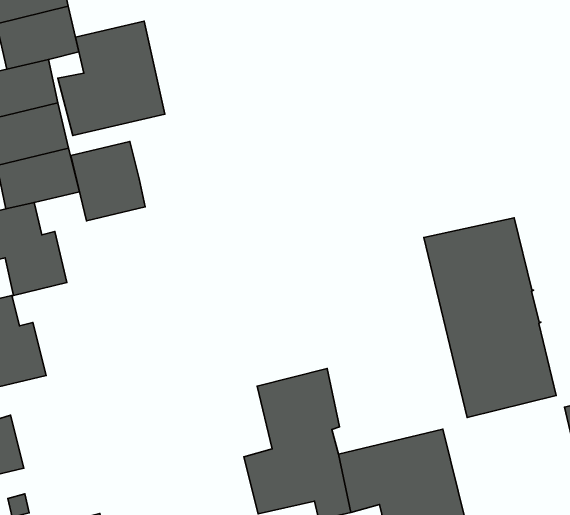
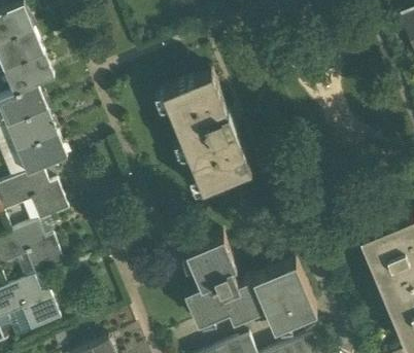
building: [58,21,165,136] -> none
building: [71,141,145,221] -> none
building: [424,218,556,417] -> [161,72,250,189]

